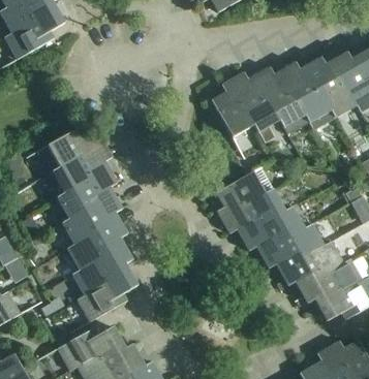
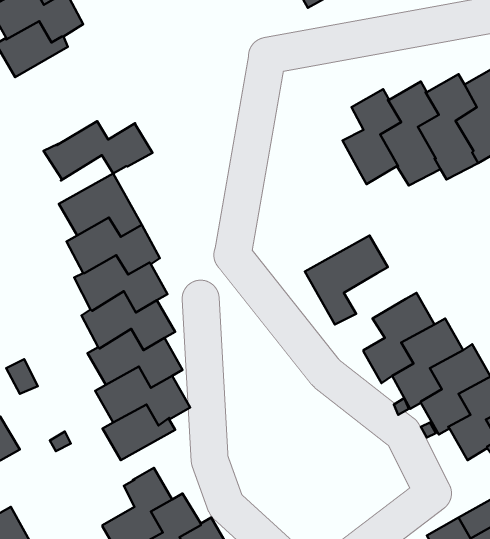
building: [210,78,255,136] -> none
building: none -> [44,121,153,181]
building: [236,188,284,250] -> none
building: [56,325,98,370] -> none

